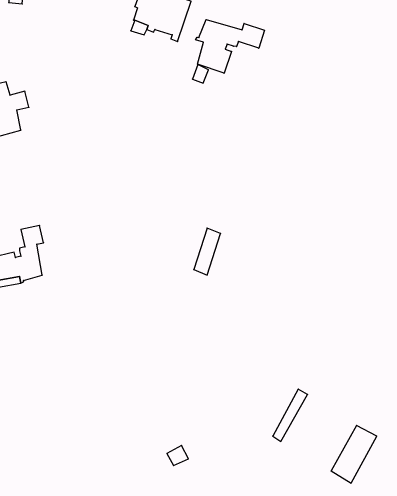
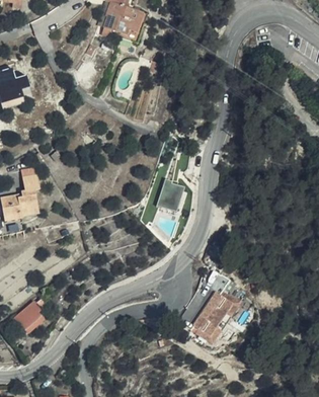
building: [196,20,264,73] -> none
building: none -> [13,296,48,331]
building: [331,425,377,483] -> [198,289,233,332]

